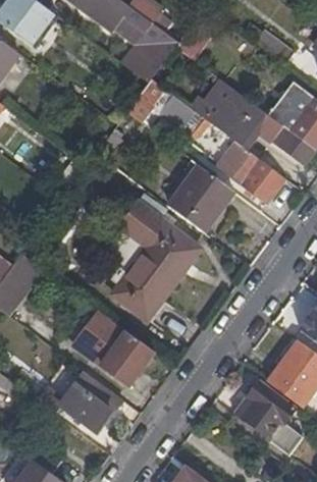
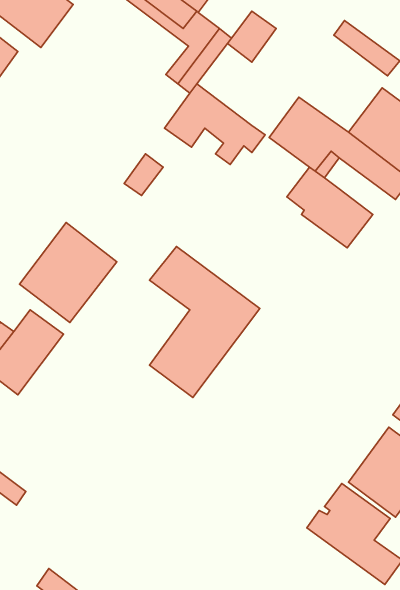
building: [165,164,233,233] -> none
building: none -> [20,222,117,322]
building: [81,311,155,383] -> none
building: [35,368,122,430] -> none

